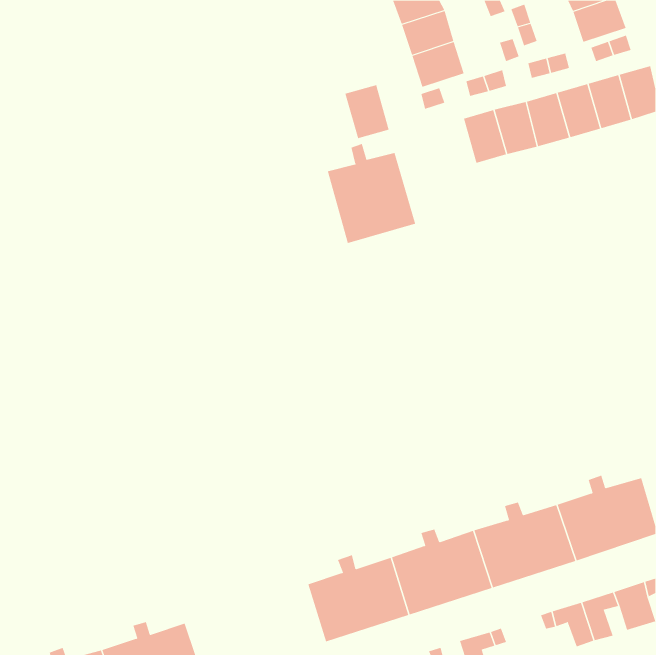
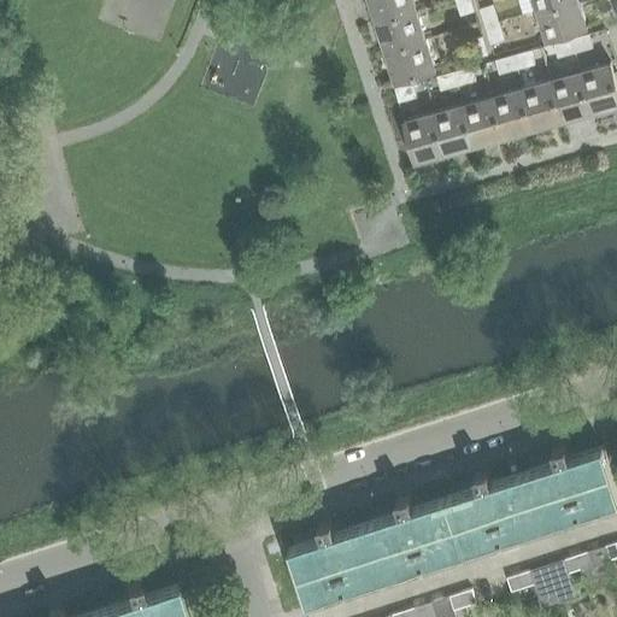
building: [345,85,390,139] -> [404,113,446,164]
building: [327,143,416,244] -> none

